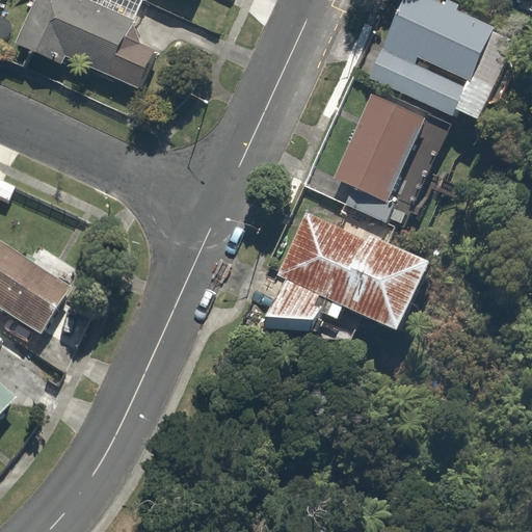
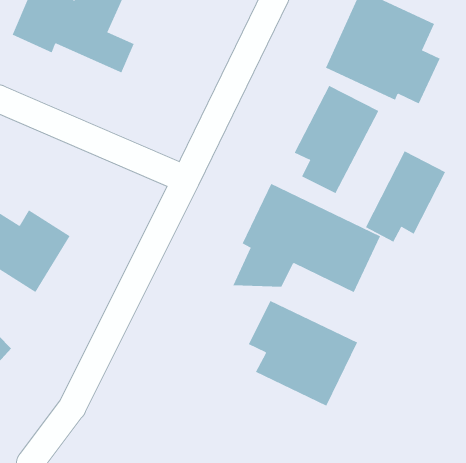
building: none -> [365,151,446,243]
building: none -> [248,300,358,407]

